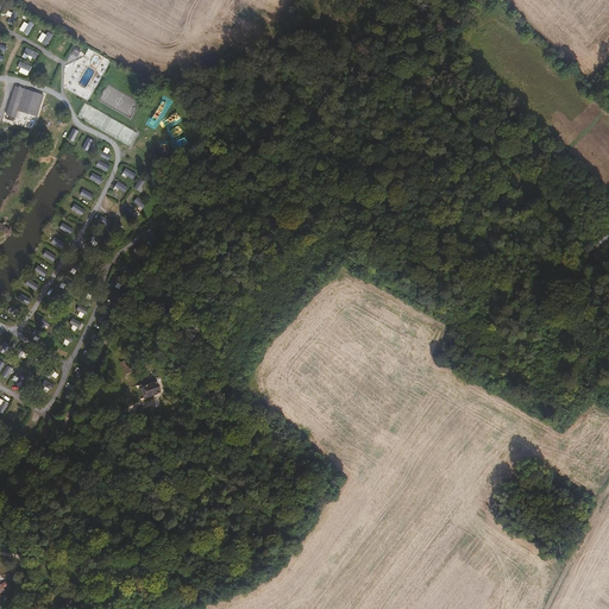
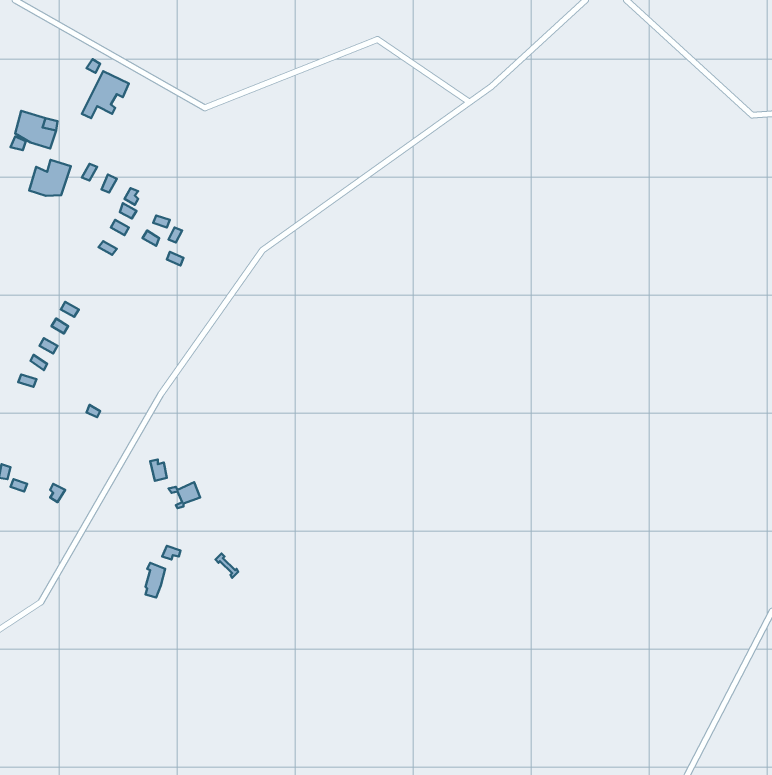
building: none -> [29,160,71,196]

